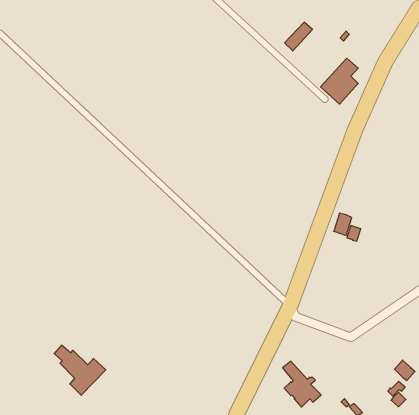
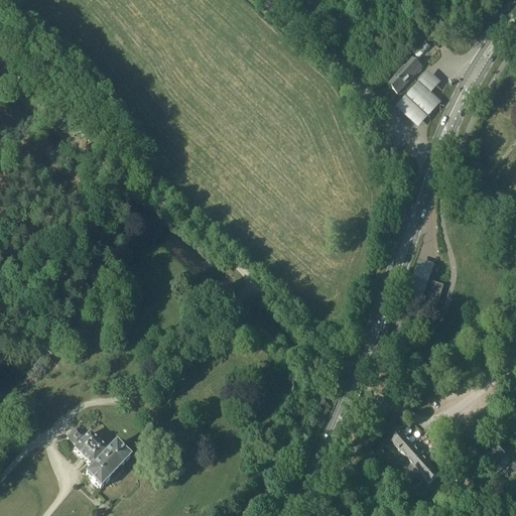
building: [285,22,312,51] -> [387,54,421,90]
building: [283,361,321,407] -> [391,429,438,486]

